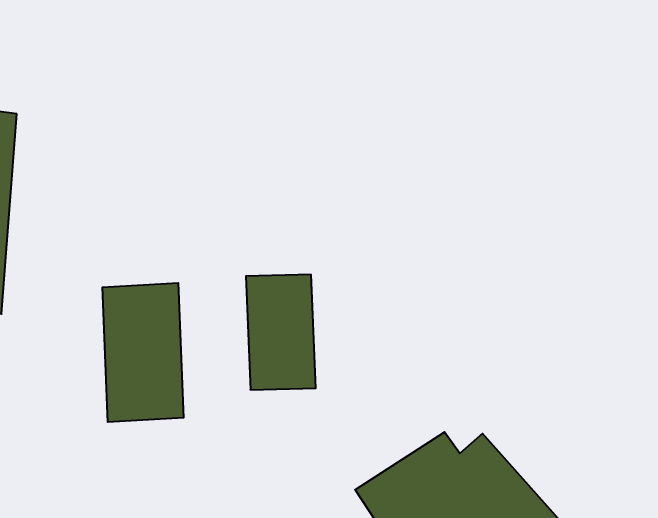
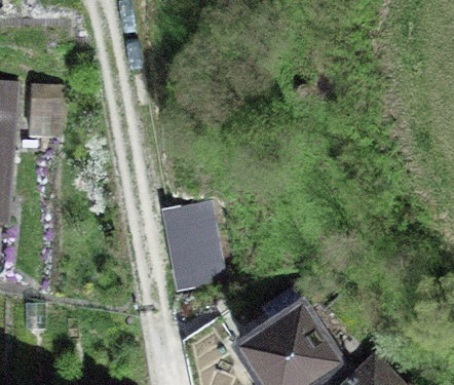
building: [102,283,184,422] -> none

